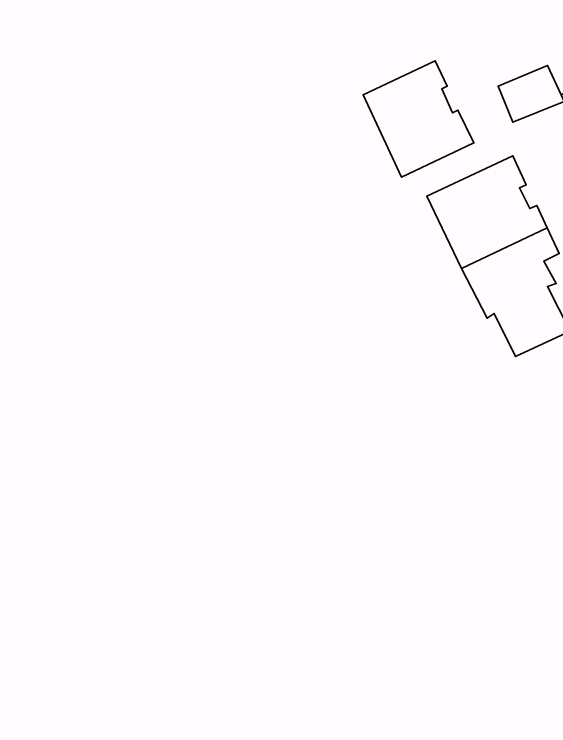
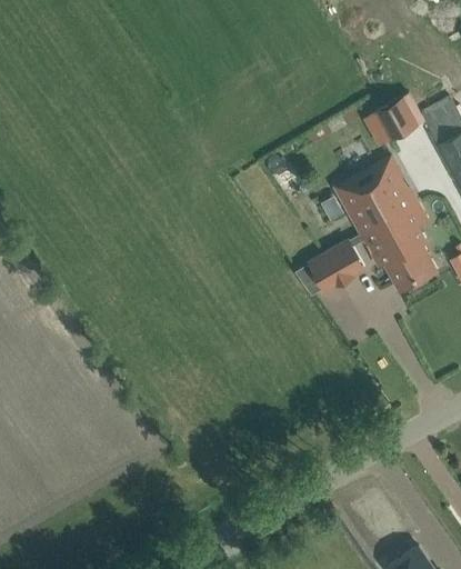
building: [363,61,474,177] -> none
building: none -> [311,243,364,291]

